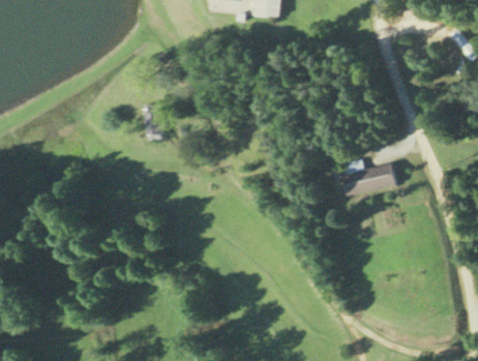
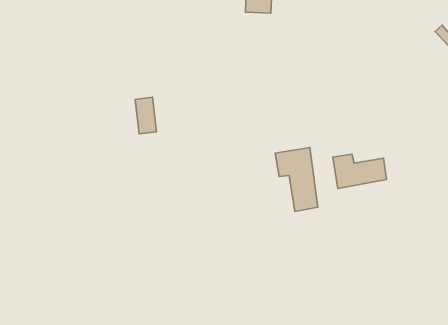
building: none -> [275,148,318,211]

